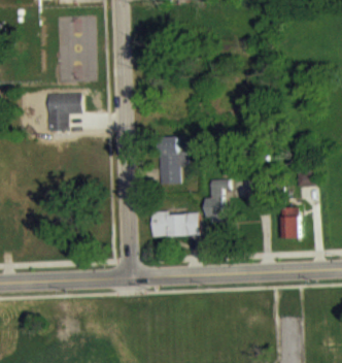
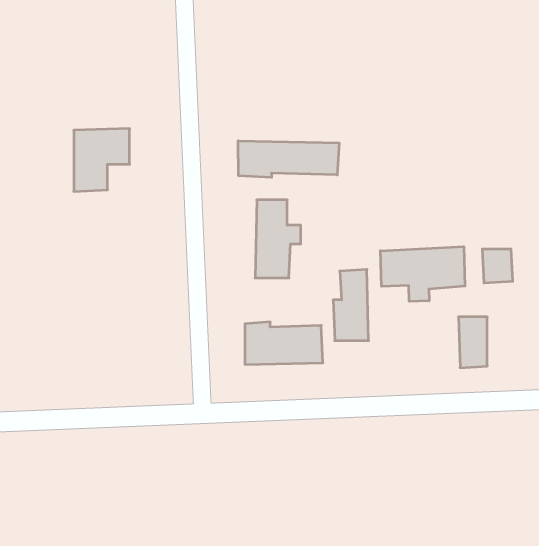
building: none -> [238,141,339,177]
building: none -> [380,247,465,301]

